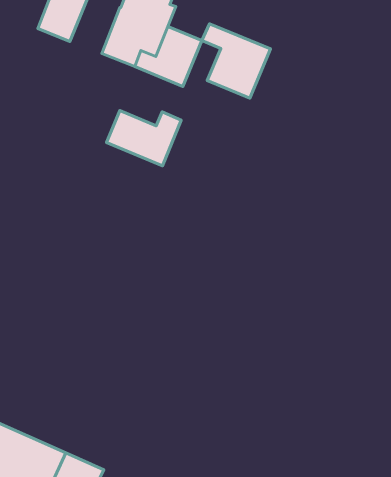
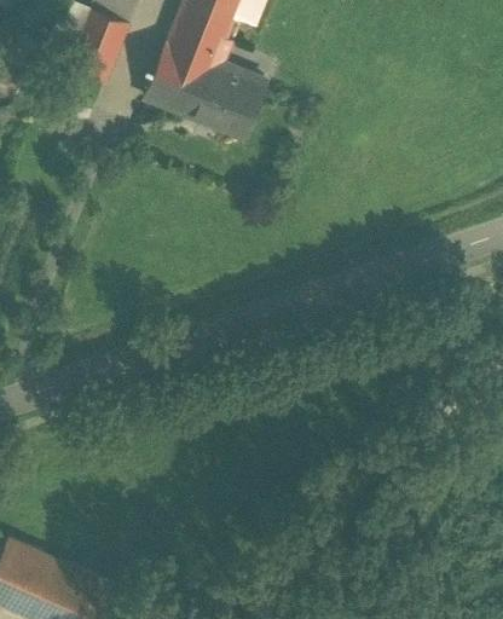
building: [202,24,270,98] -> none
building: [107,110,181,166] -> none

